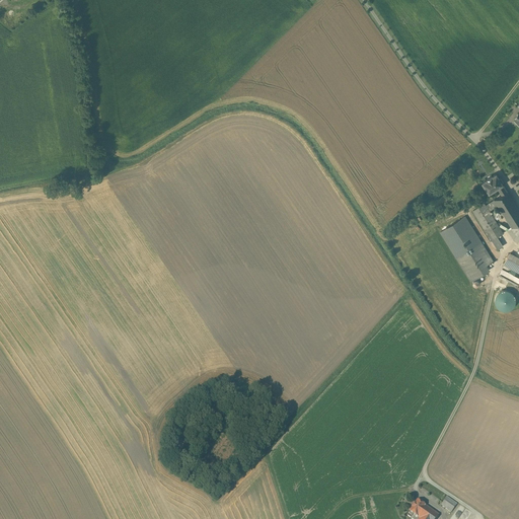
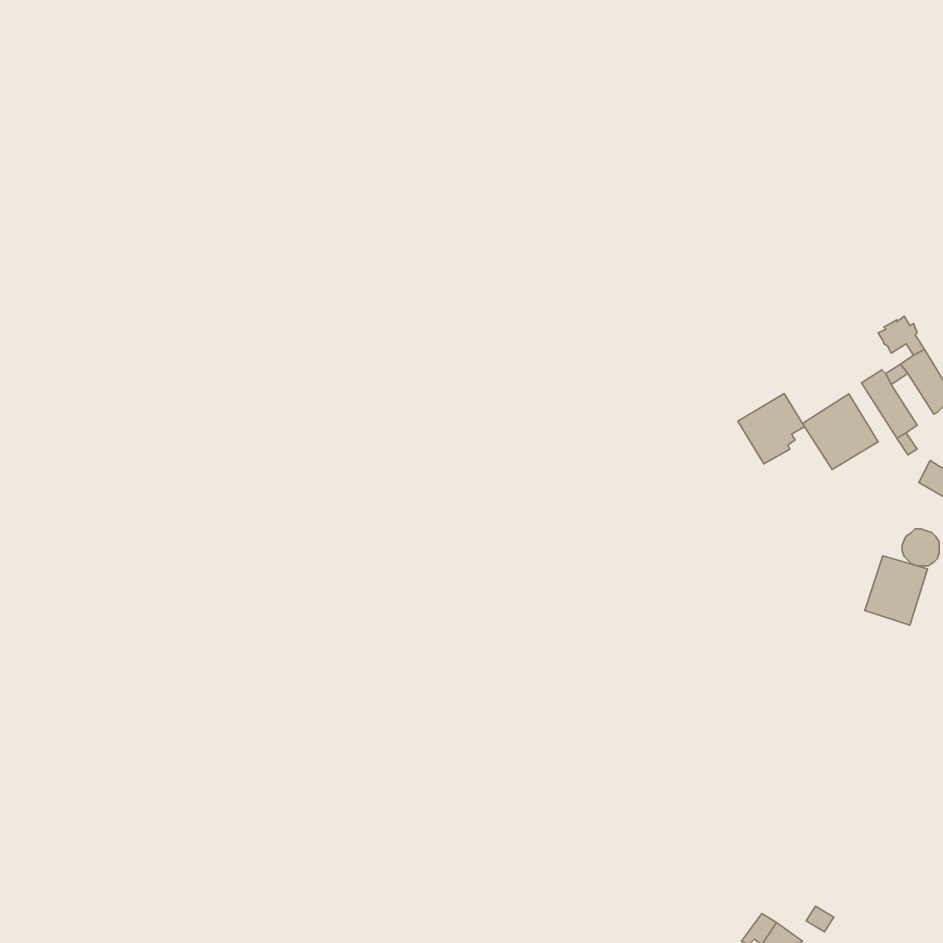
building: [457,243,494,282] -> [738,394,805,464]
building: none -> [865,556,928,625]

